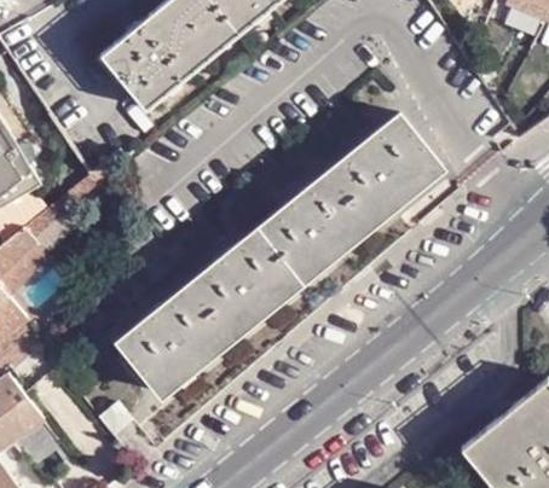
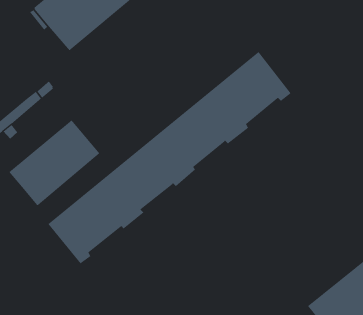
building: none -> [9,120,100,206]

